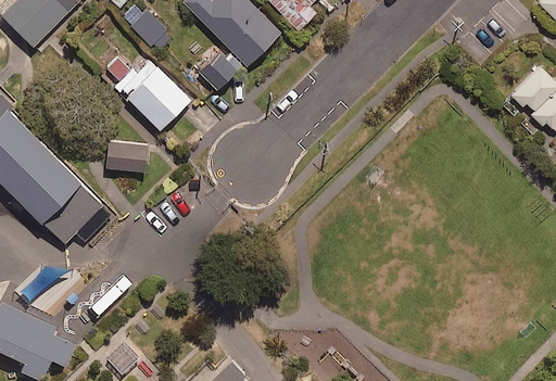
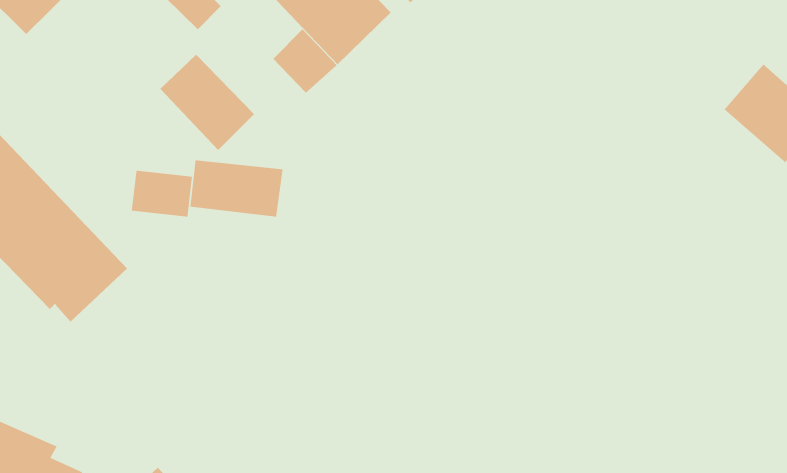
building: none -> [189,159,283,218]

